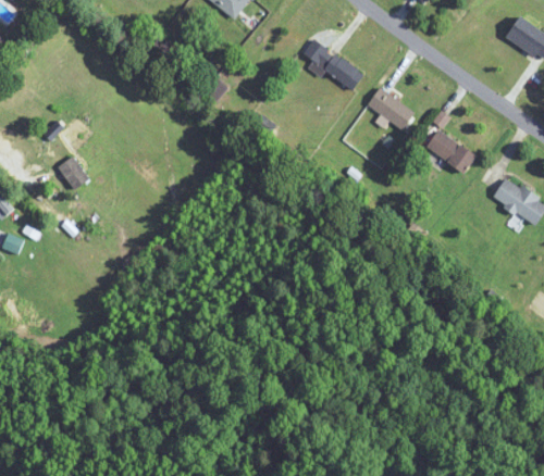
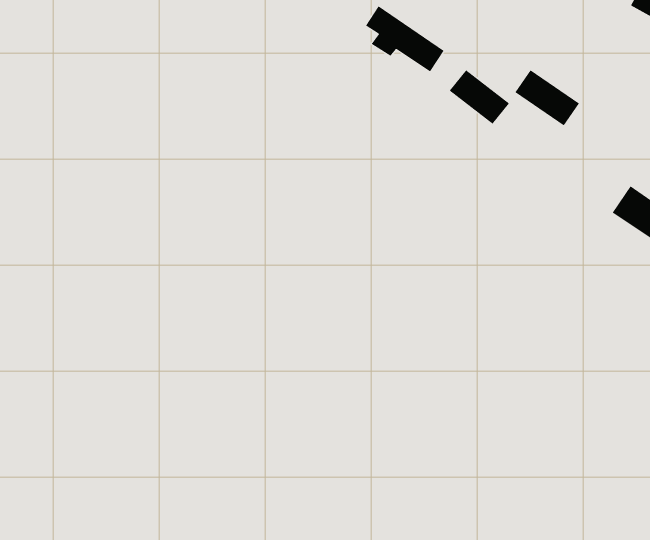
building: [425,128,475,172] -> [515,69,580,126]
building: [57,155,89,190] -> none

